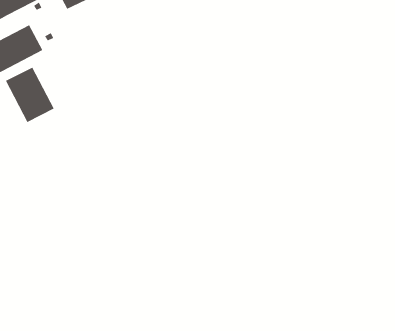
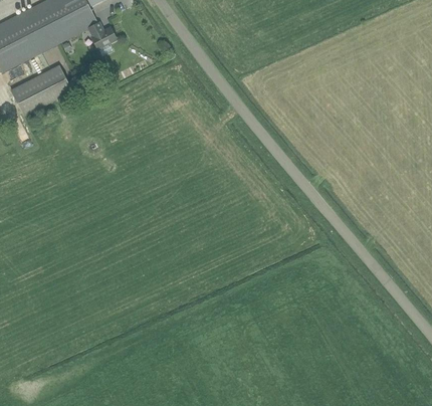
building: [5,67,55,123] -> none

